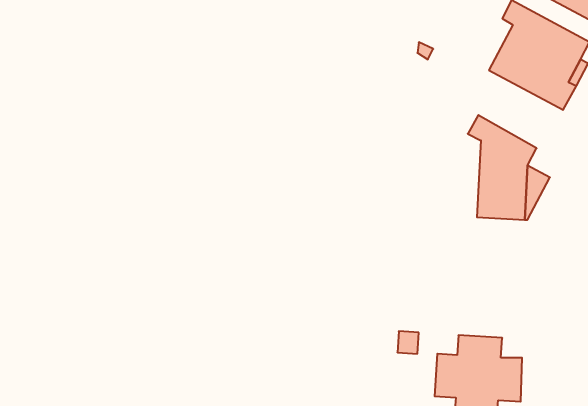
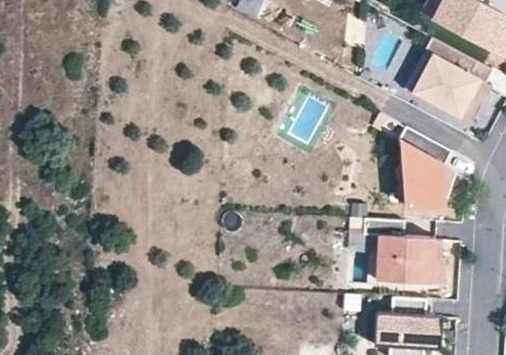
building: none -> [363,218,444,285]

